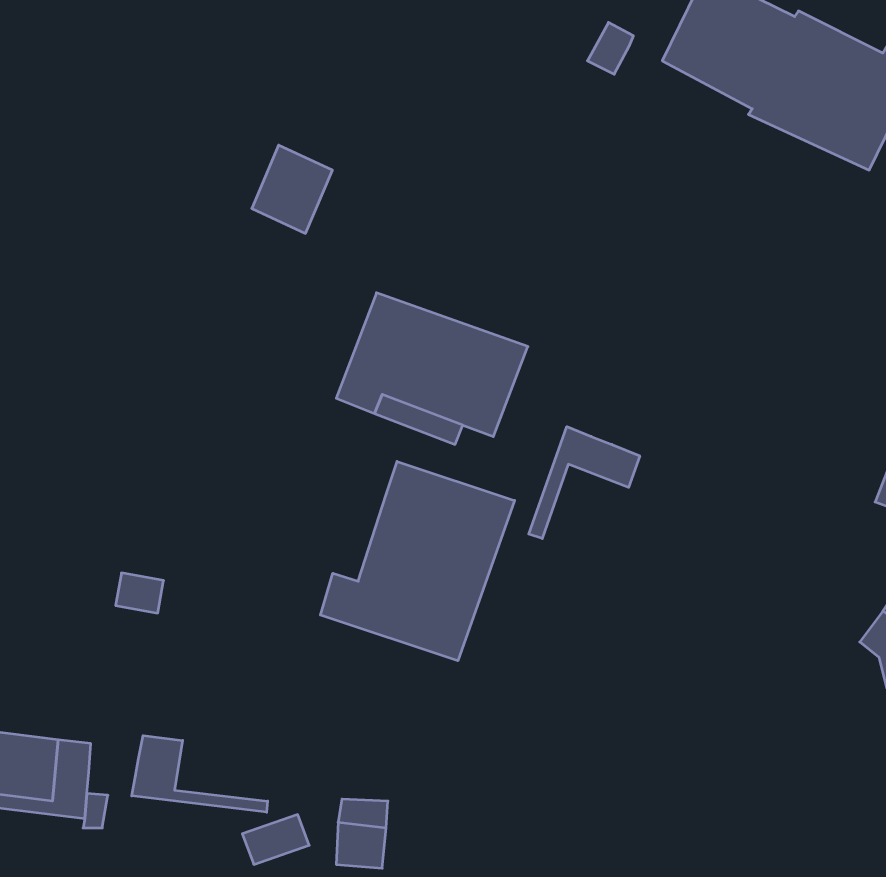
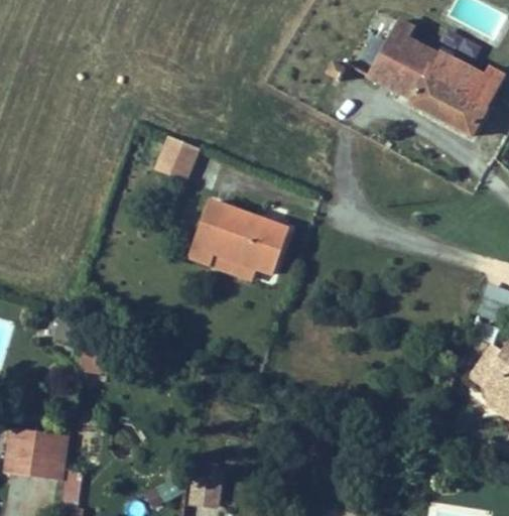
building: [529,427,640,539] -> none
building: [320,461,515,661] -> none
building: [132,736,268,812] -> none

